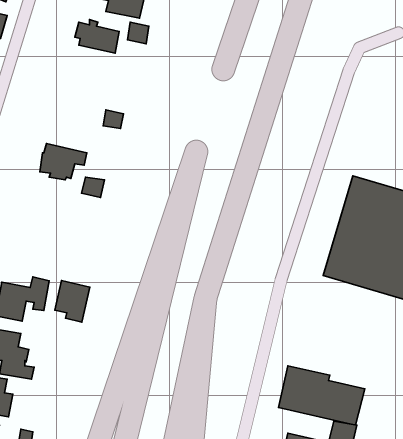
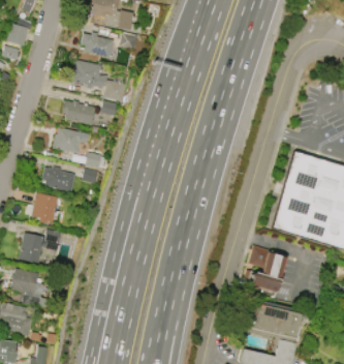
building: none -> [68,60,126,101]
building: none -> [62,100,95,124]
building: none -> [41,166,75,191]
building: [55,280,90,322] -> [30,192,57,224]
building: none -> [242,245,286,293]

